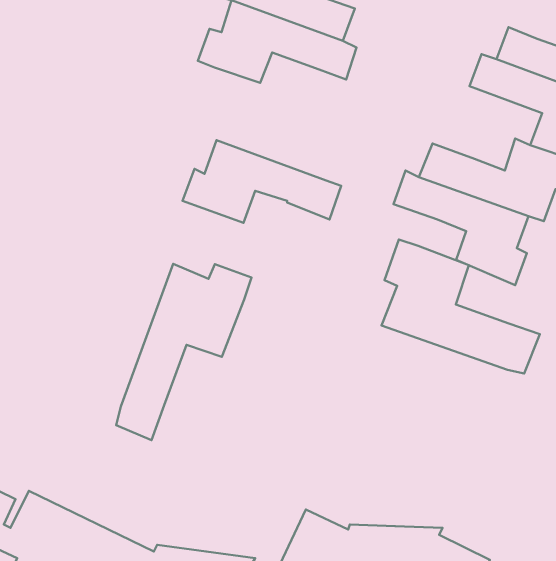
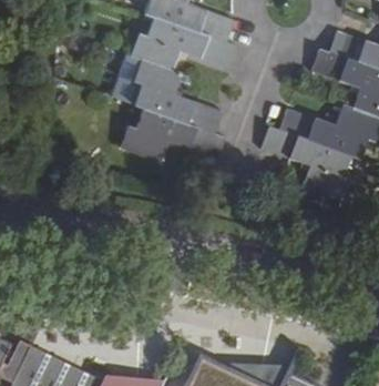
building: none -> [134,60,223,134]
building: [381,240,540,373] -> none
building: [116,264,252,440] -> none

